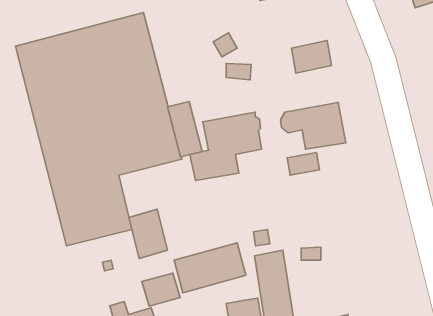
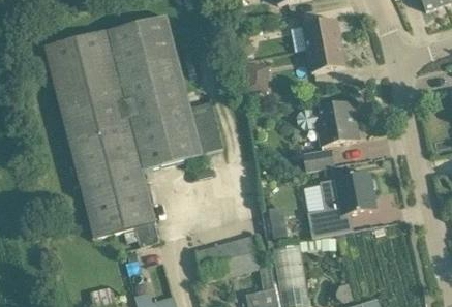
building: none -> [302,18,341,49]
building: [190,112,262,181] -> [307,172,375,237]
building: [129,209,168,259] -> none
building: [142,273,180,306] -> none

